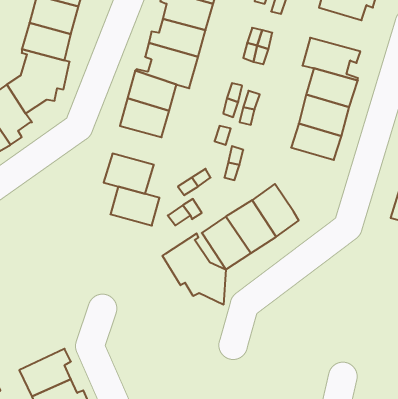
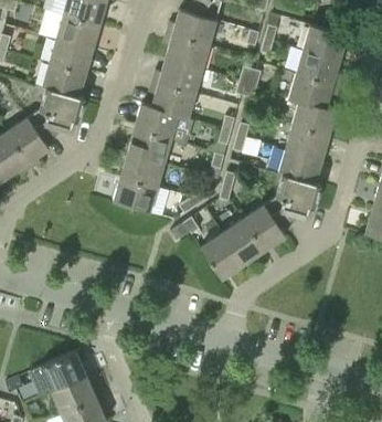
building: none -> [295,49,342,87]
building: none -> [264,171,321,228]
building: [110,187,160,226] -> [121,152,165,187]
building: [162,233,226,305] -> none

